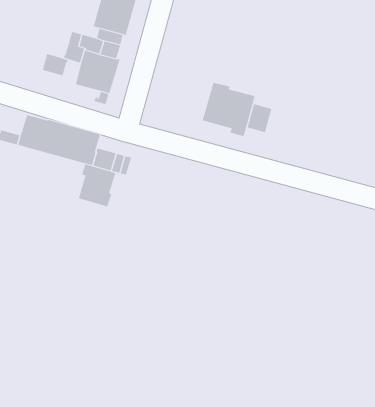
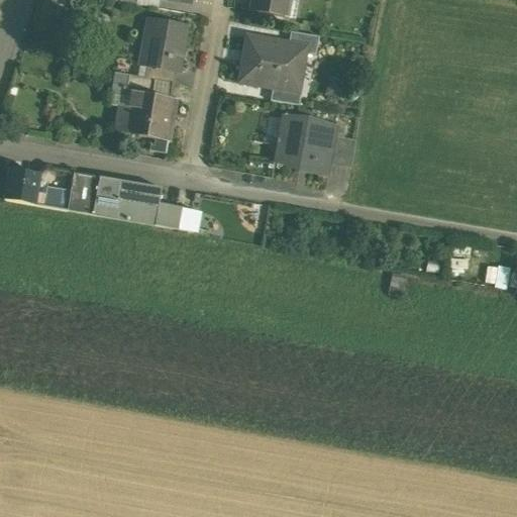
building: none -> [240,34,303,89]
building: [42,53,68,76] -> none
building: [78,164,116,207] -> none

